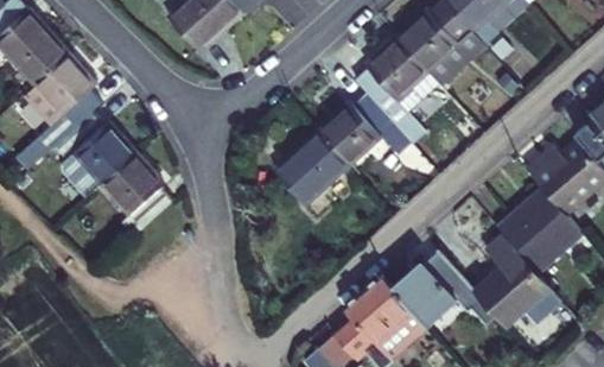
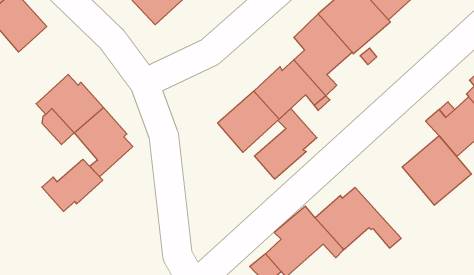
building: [18,55,106,169] -> none
building: none -> [254,109,317,179]
building: none -> [42,159,103,211]
building: [476,234,564,327] -> none

